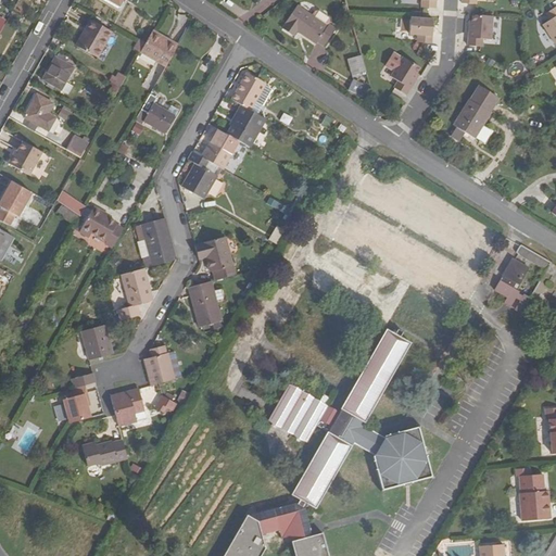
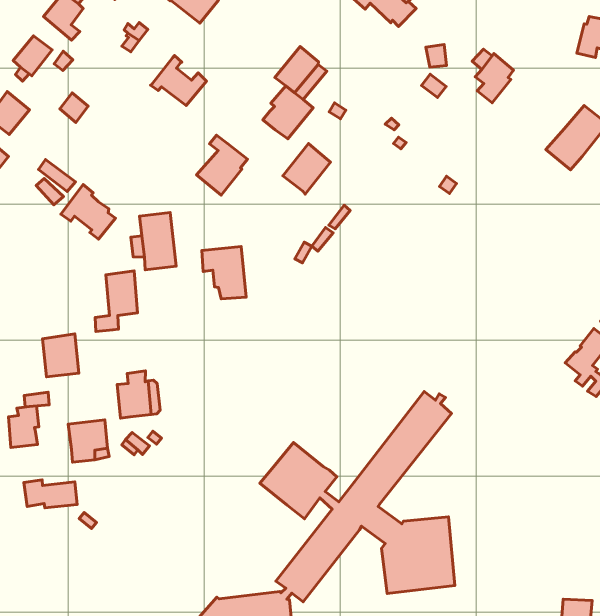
building: [410,16,434,42] -> none
building: [202,128,238,168] -> [283,144,331,194]
building: [188,280,222,328] -> none

